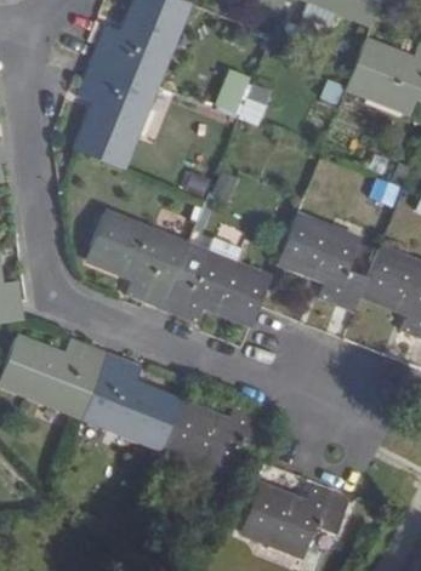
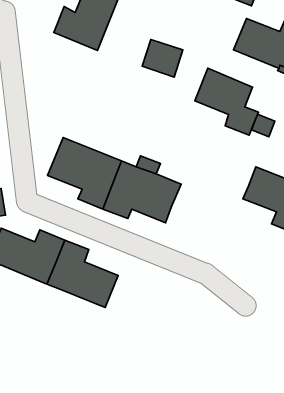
building: [76,61,154,169] -> none
building: [277,216,366,310] -> [195,68,259,135]
building: [165,402,271,472] -> none
building: [241,485,352,553] -> none

